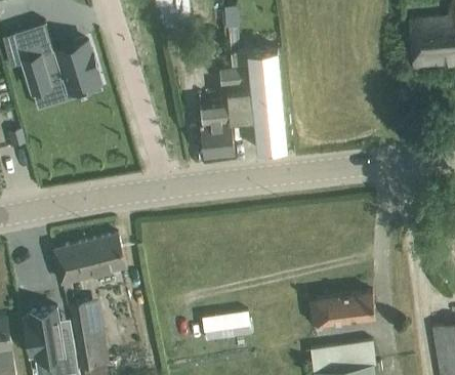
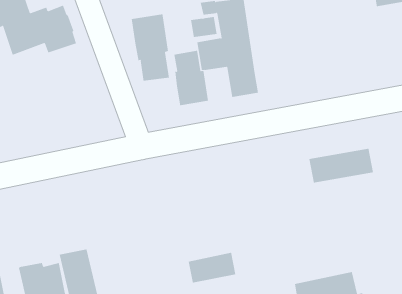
building: none -> [131,14,170,82]
building: [53,235,126,283] -> none
building: [308,293,375,326] -> [309,148,374,183]

